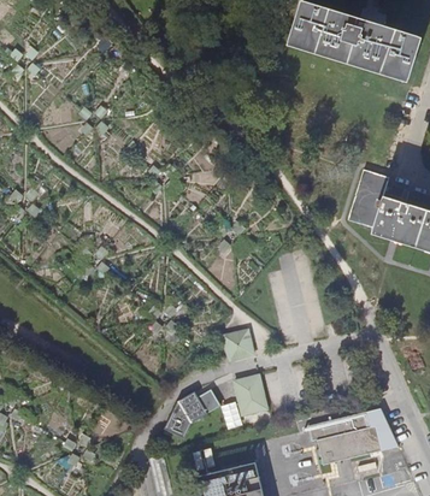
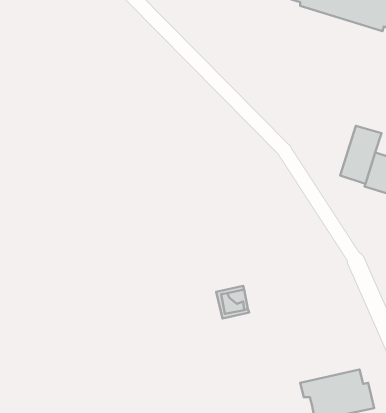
building: [235,378,266,414] -> none
building: [165,389,220,437] -> none

